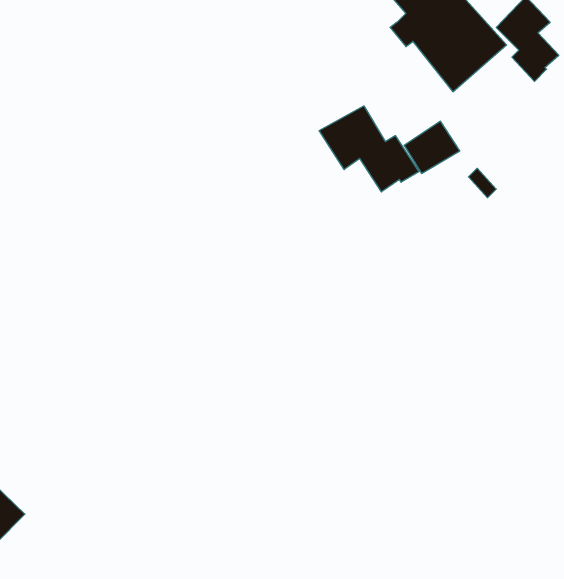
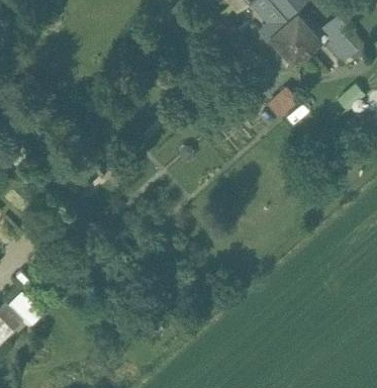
building: [319,106,419,192] -> none

